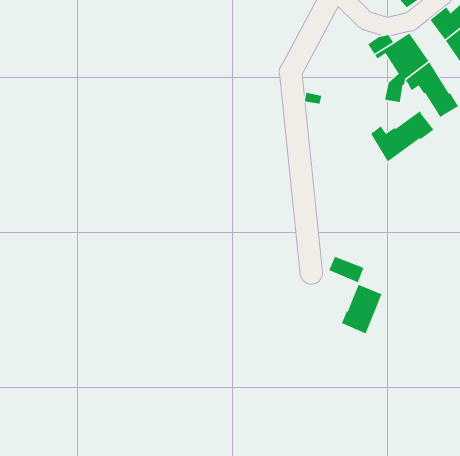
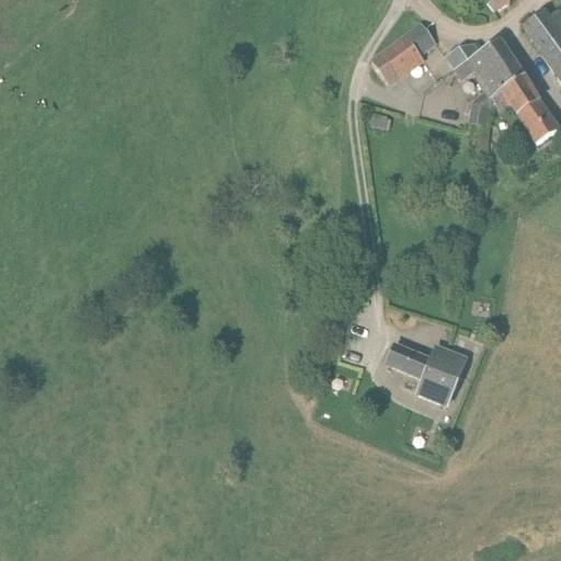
building: none -> [370,24,434,83]
building: [371,110,434,163] -> none
building: [328,256,364,284] -> [387,344,431,378]

